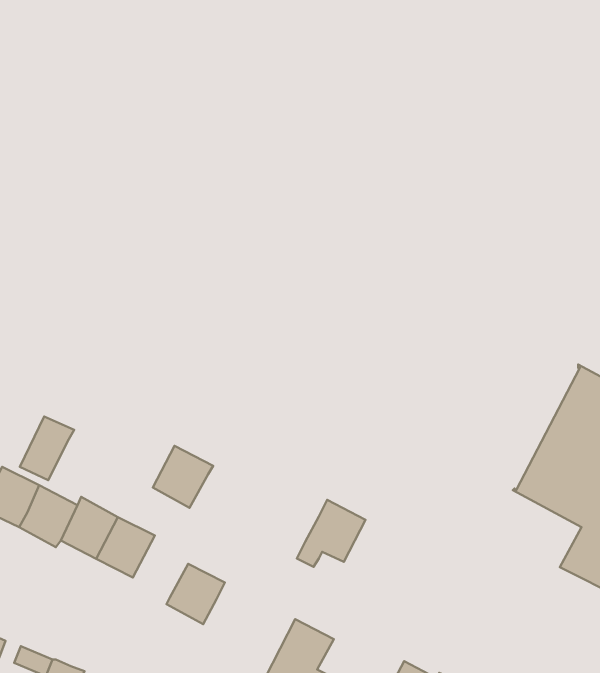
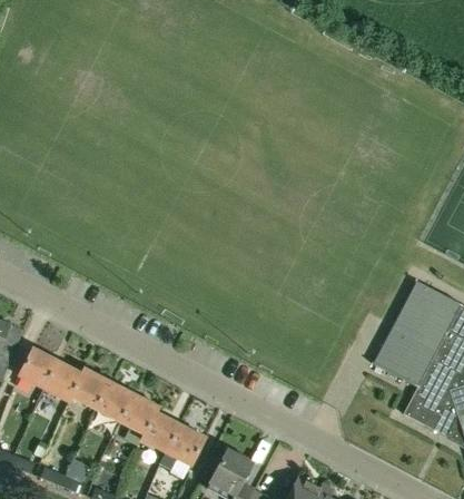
building: [20,417,74,480] -> none
building: [153,446,213,508] -> [119,393,159,434]
building: [297,500,366,567] -> [160,424,206,469]

